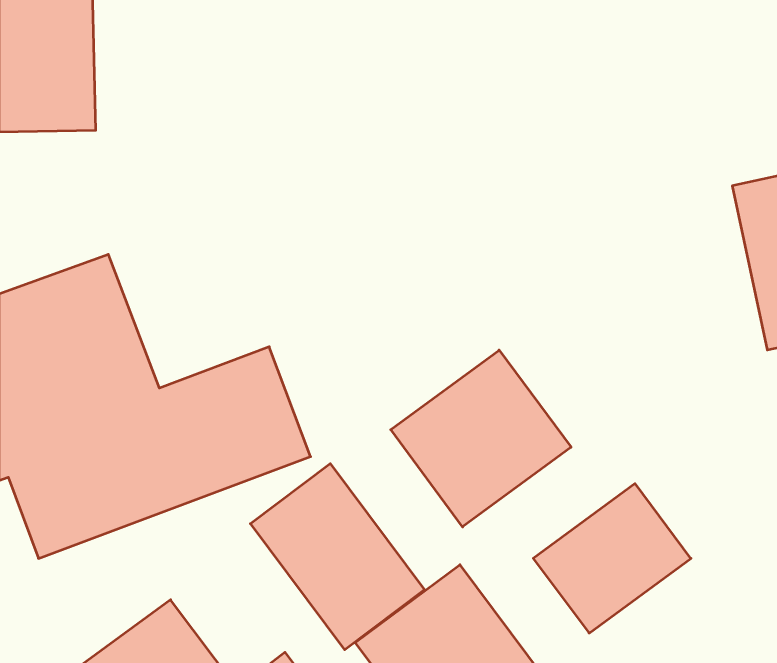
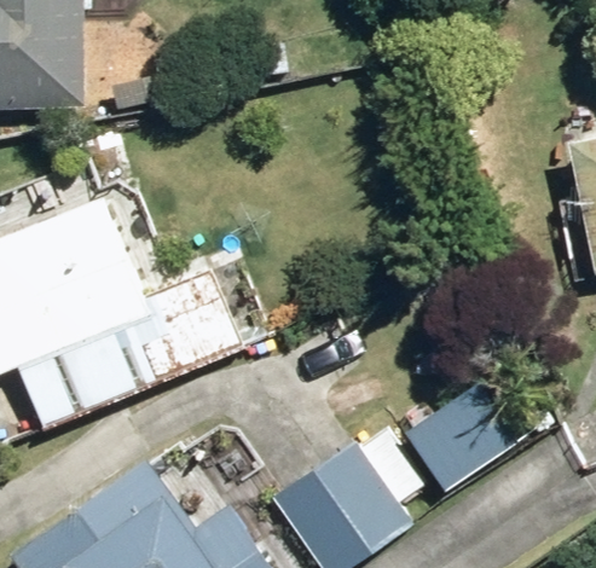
building: [391,350,571,527] -> none
building: [250,464,424,650] -> none

